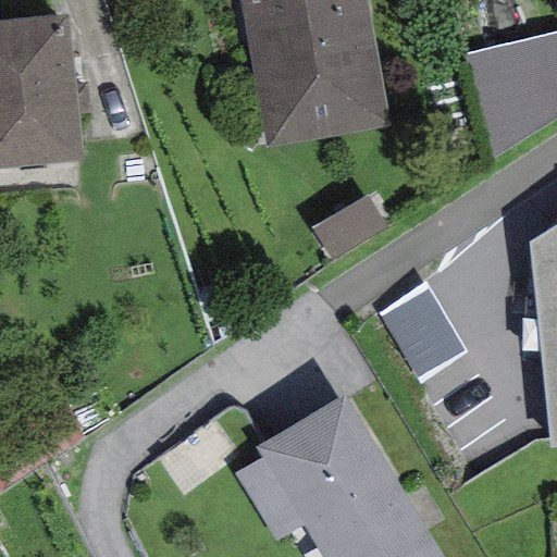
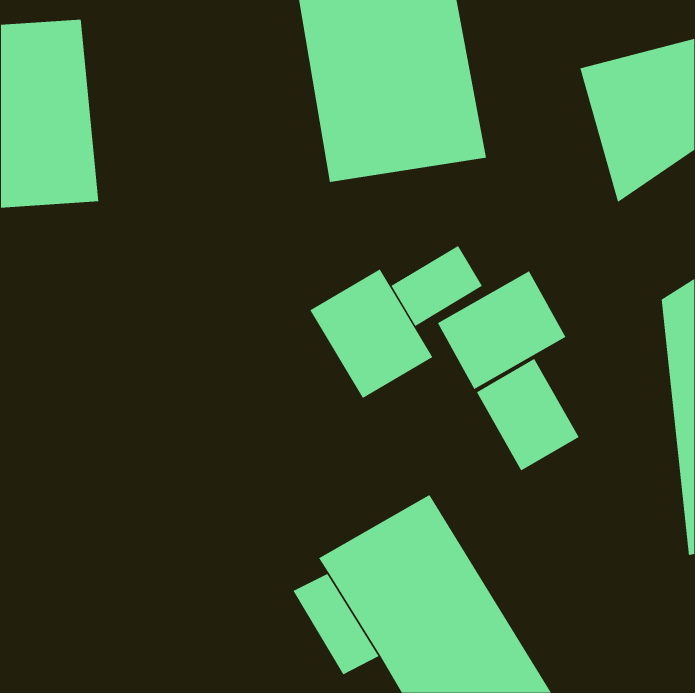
building: none -> [309,268,433,399]
building: none -> [437,270,566,390]

